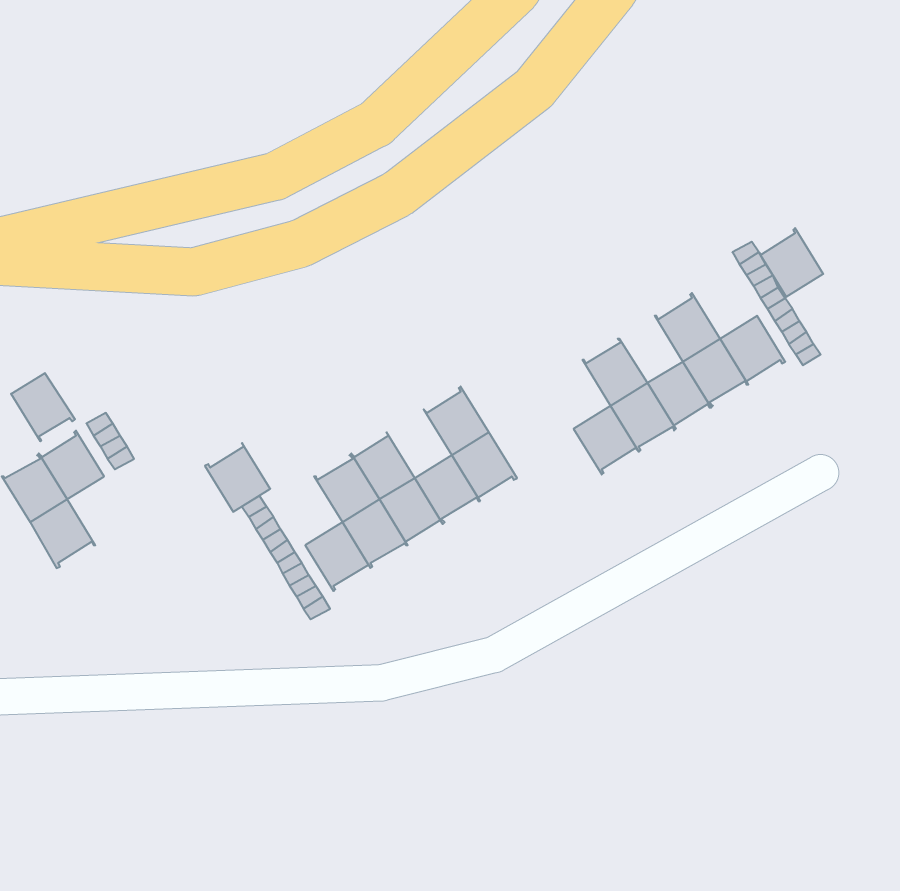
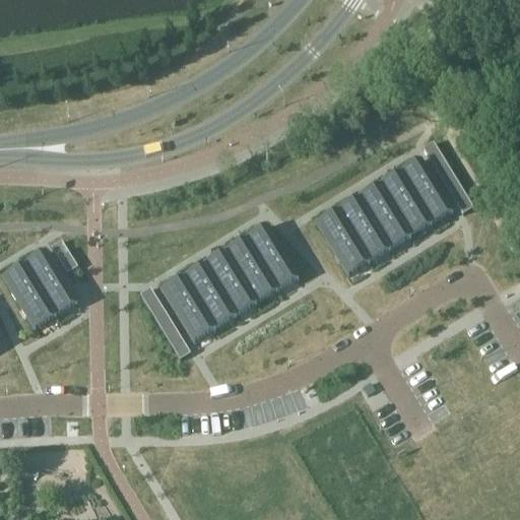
building: [758,228,823,297] -> [398,155,436,195]
building: none -> [356,182,393,220]
building: none -> [314,207,351,247]
building: [11,373,75,441] -> none
building: none -> [222,236,260,275]
building: [205,443,270,512] -> [159,274,197,314]
building: none -> [39,274,76,314]

